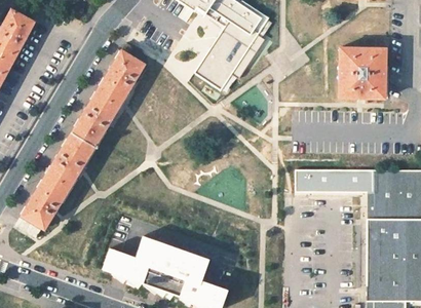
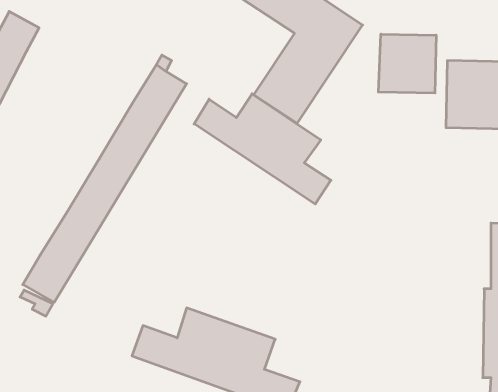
building: none -> [378,34,436,93]
building: none -> [194,94,331,204]
building: [295,169,373,191] -> none

